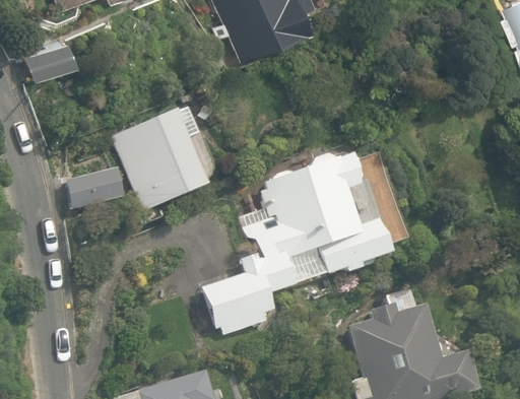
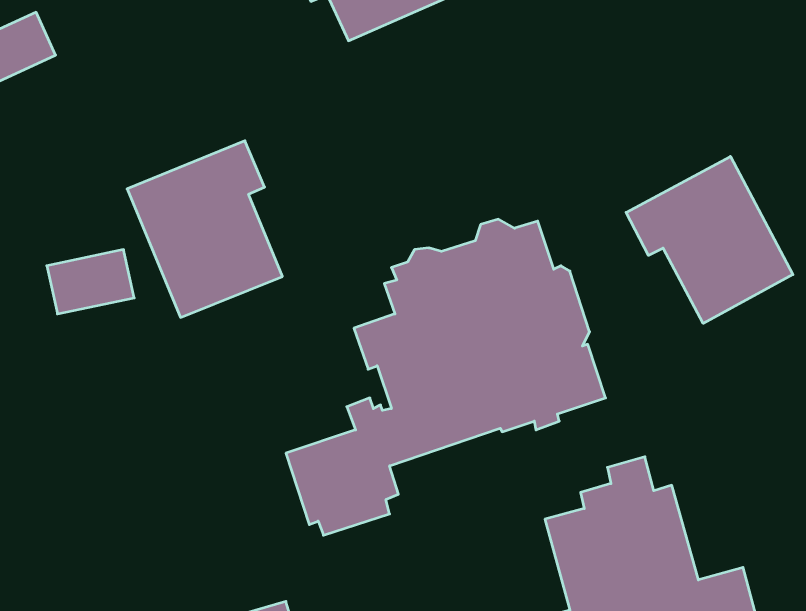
building: none -> [626,156,793,323]

